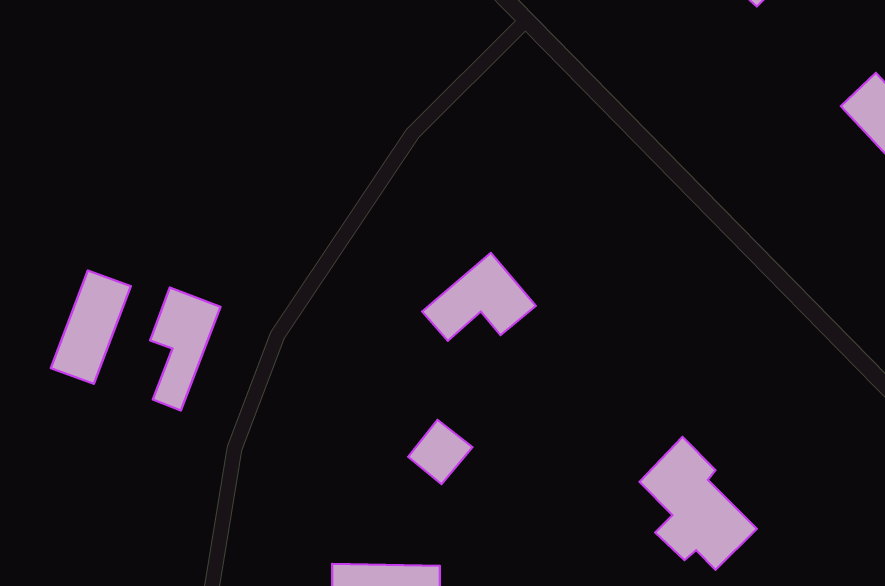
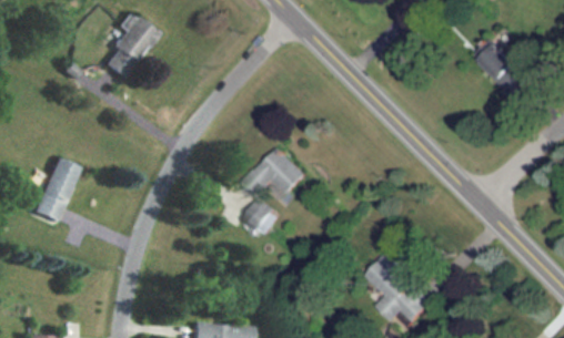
building: none -> [99,12,154,79]
building: [150,287,221,411] -> none
building: [408,420,473,484] -> [242,198,279,235]

